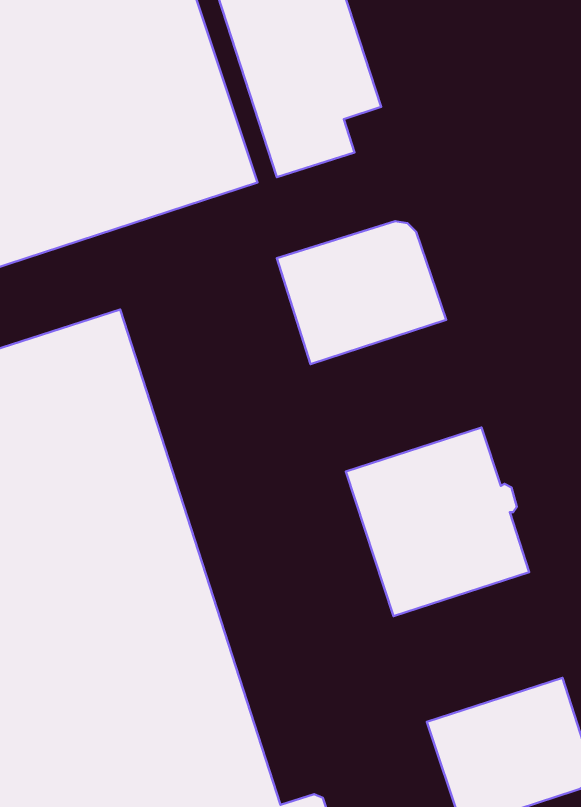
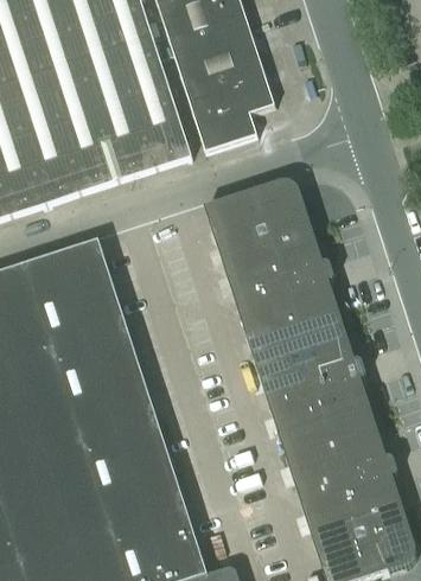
building: none -> [228,249,343,351]
building: none -> [283,419,398,519]

